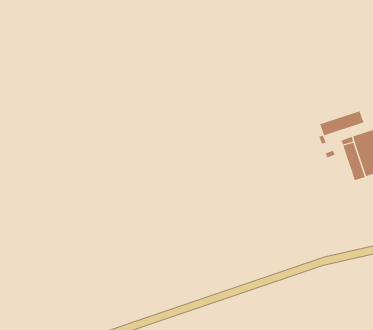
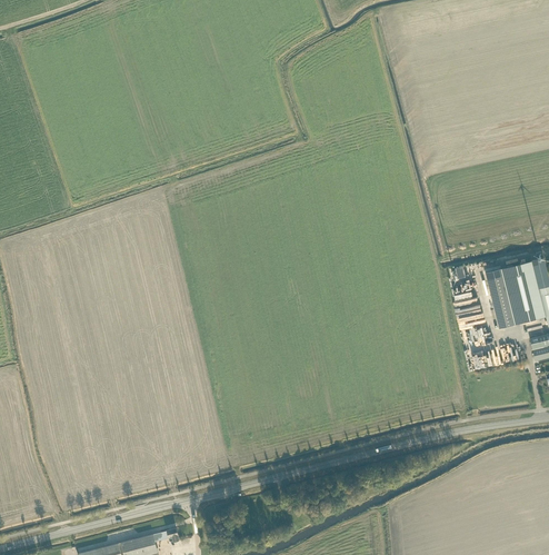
building: [320,110,364,136] -> none

